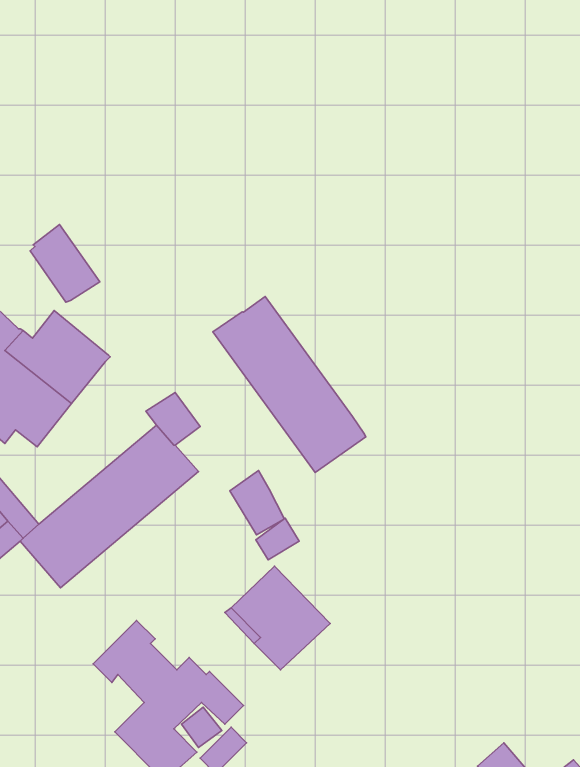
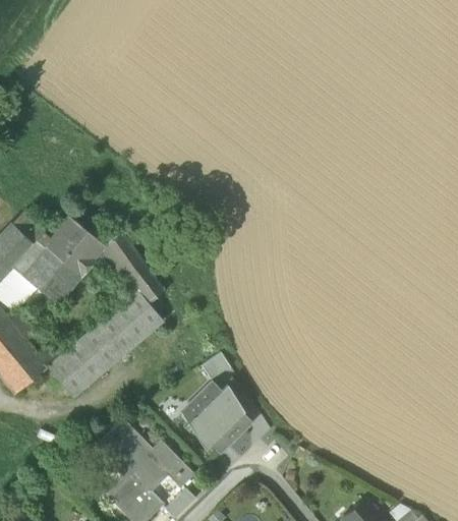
building: [30,225,100,302] -> [102,232,148,283]
building: [213,297,366,473] -> none
building: [230,470,284,535] -> none

